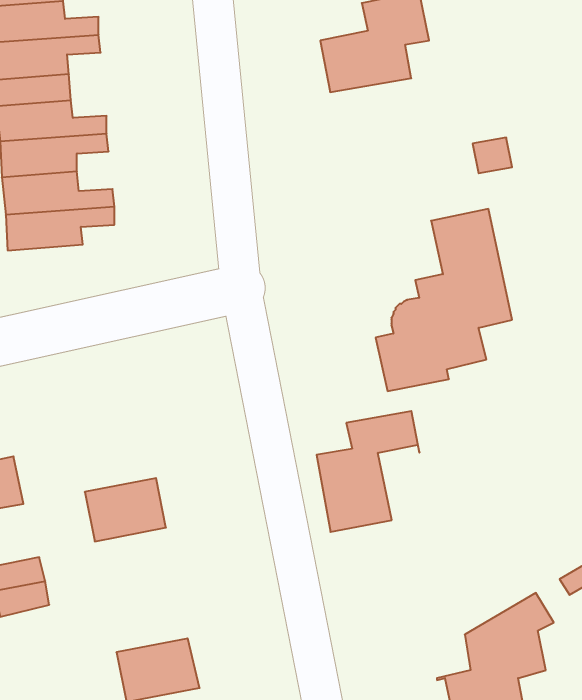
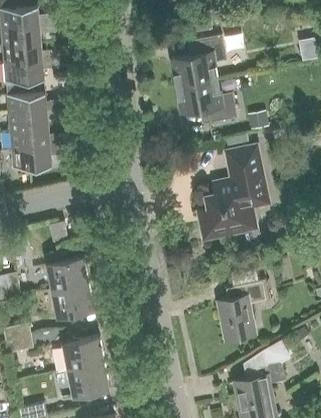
building: none -> [175,81,236,125]
building: [317,411,419,532] -> [217,280,269,341]
building: none -> [46,257,87,290]
building: none -> [62,337,103,371]

